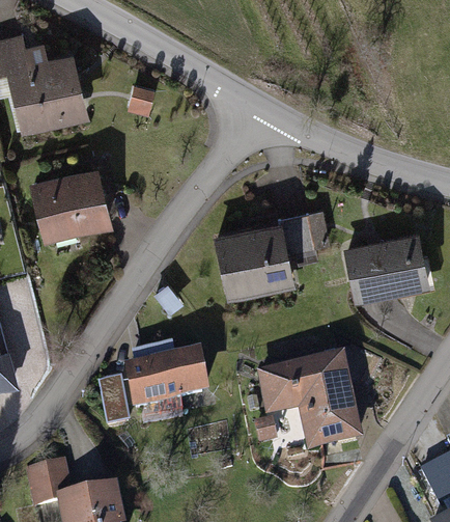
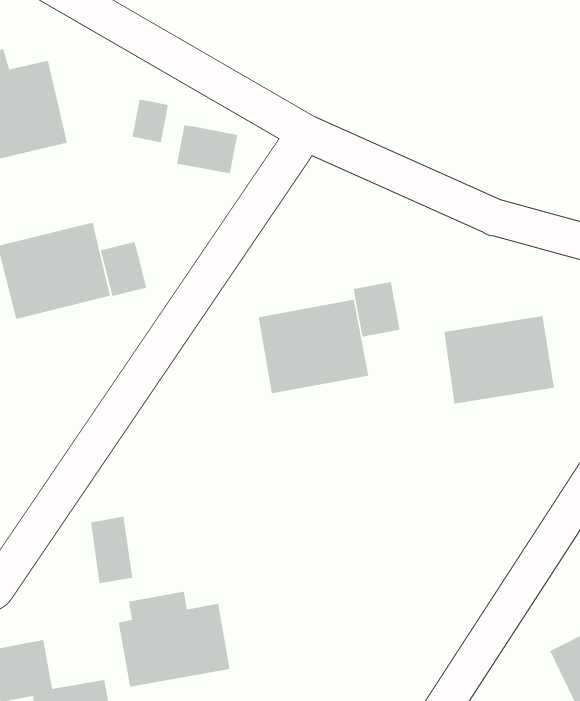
building: none -> [176,125,238,174]
building: none -> [100,241,147,297]
building: [130,344,208,411] -> [118,591,231,687]
building: [263,362,350,448] -> none

